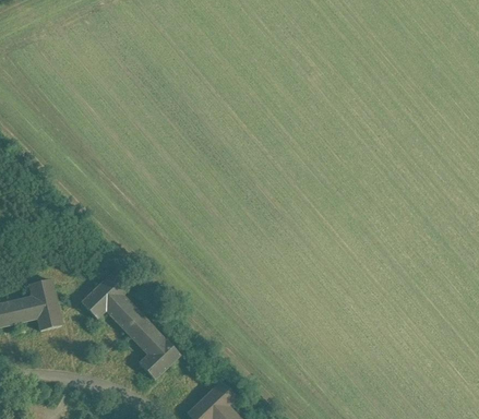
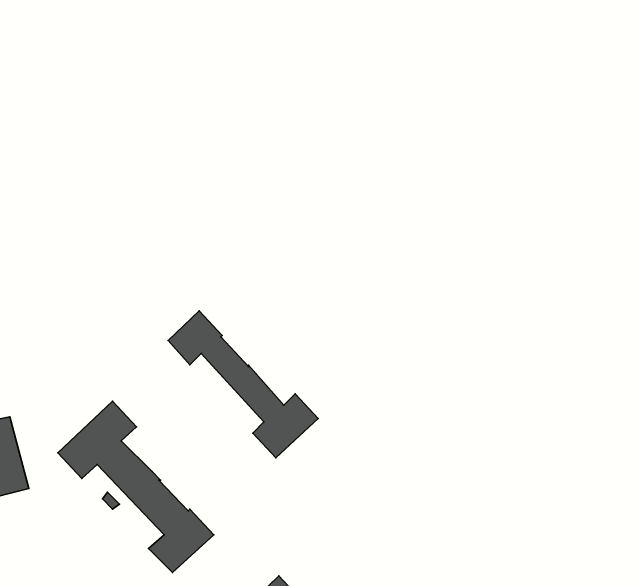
building: none -> [168,311,318,458]

